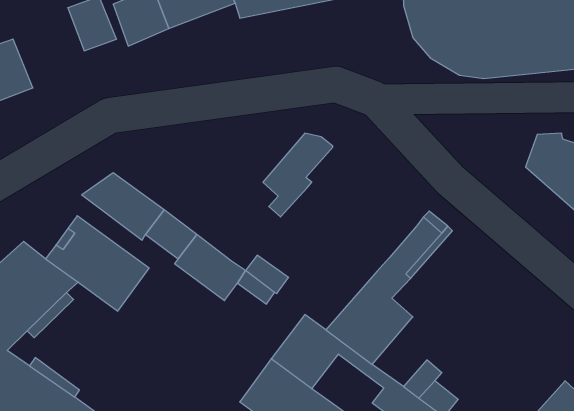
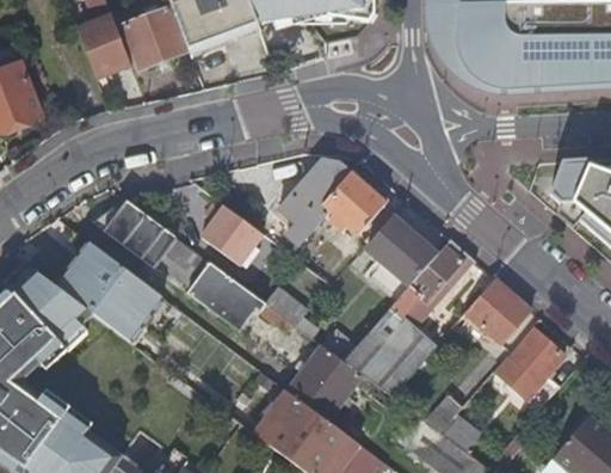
building: none -> [323,172,385,238]
building: none -> [205,207,267,268]
building: none -> [366,216,437,285]
building: none -> [465,276,531,342]
building: none -> [495,328,563,407]

